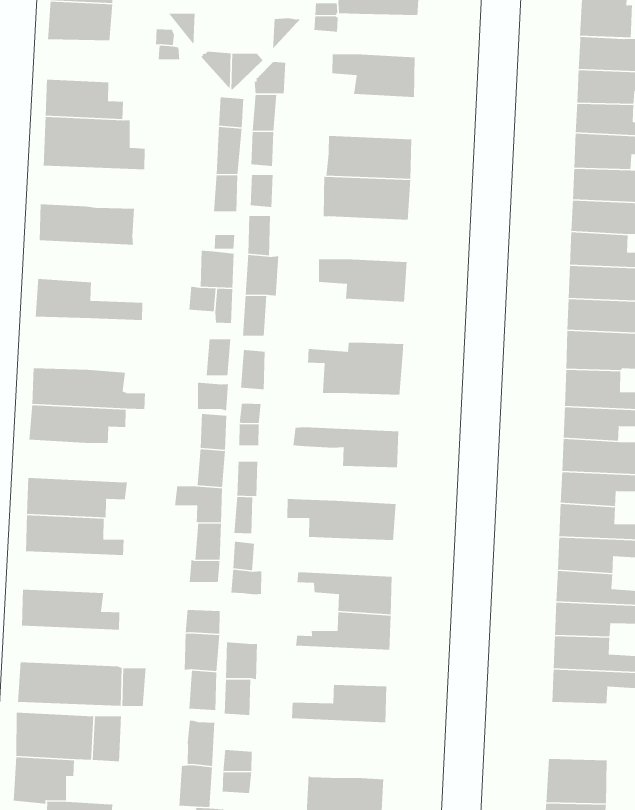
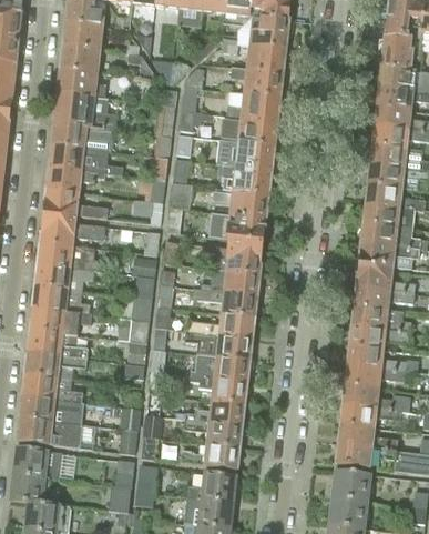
building: none -> [246,43,285,71]
building: none -> [60,46,100,73]
building: none -> [226,90,279,120]
building: none -> [51,121,112,150]
building: none -> [222,163,270,193]
building: none -> [47,165,105,192]
building: none -> [208,211,265,242]
building: none -> [40,211,106,244]
building: none -> [200,269,258,294]
building: none -> [32,284,90,313]
building: none -> [186,313,254,337]
building: none -> [191,354,248,381]
building: none -> [24,351,86,379]
building: none -> [20,395,81,423]
building: none -> [184,419,242,446]
building: none -> [331,468,370,500]
building: none -> [187,471,236,502]

